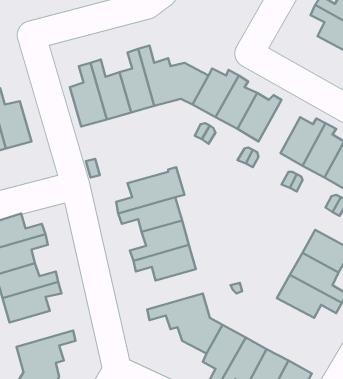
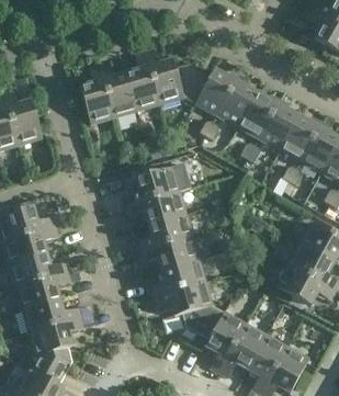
building: none -> [258,99,297,149]
building: none -> [149,259,205,297]
building: none -> [22,298,82,332]

